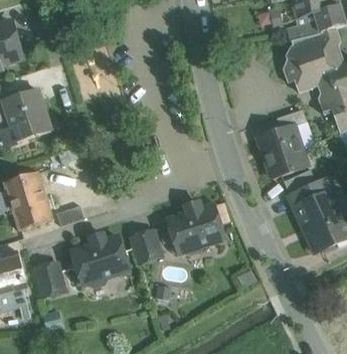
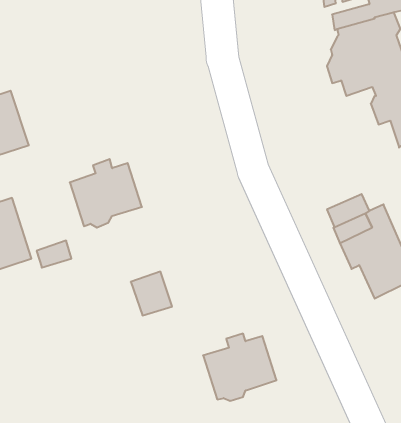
building: [257,124,306,177] -> none
building: [167,201,224,253] -> [203,334,277,401]
building: [71,232,128,286] -> [70,159,142,228]
building: [34,262,64,296] -> none

